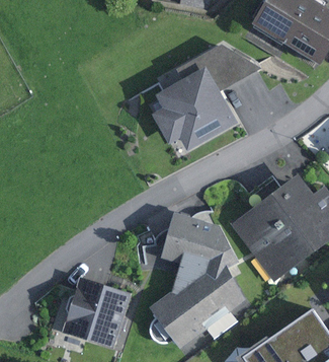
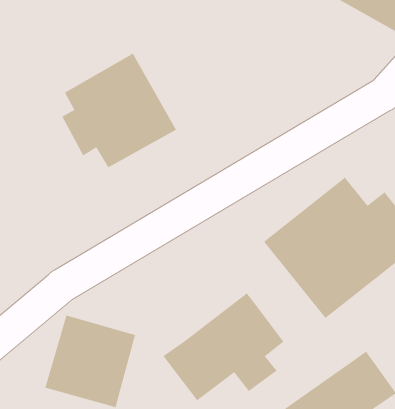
building: [158,66,246,154] -> [62,53,177,168]
building: [155,212,234,299] -> none

